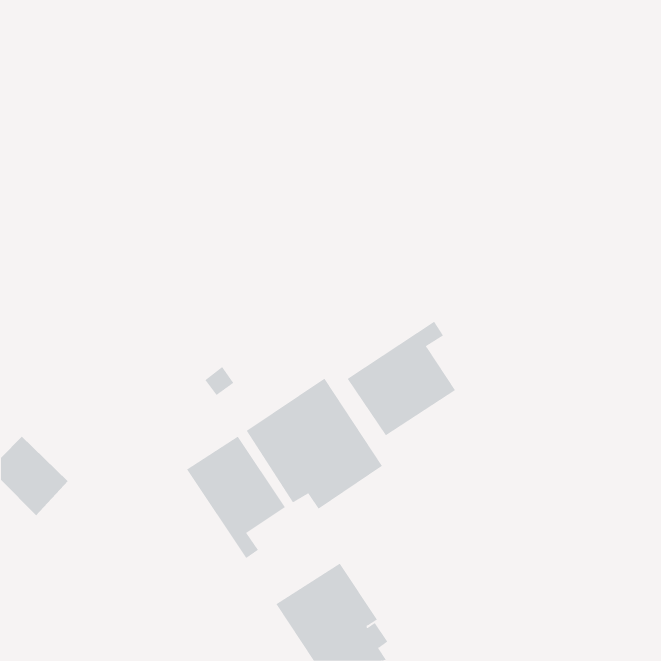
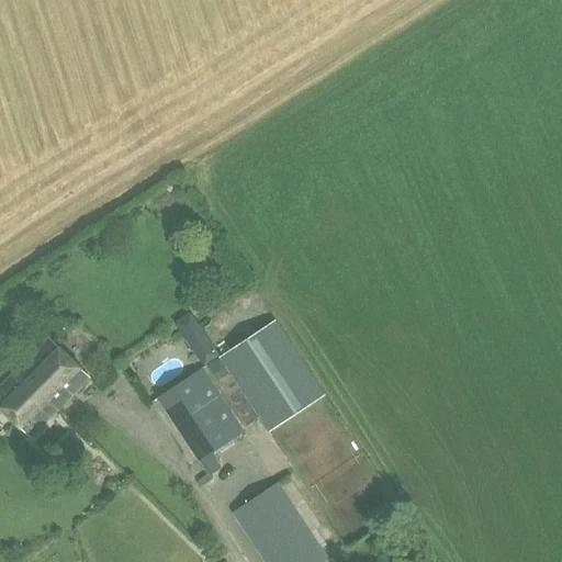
building: [347,321,456,436] -> none
building: none -> [19,338,89,408]

